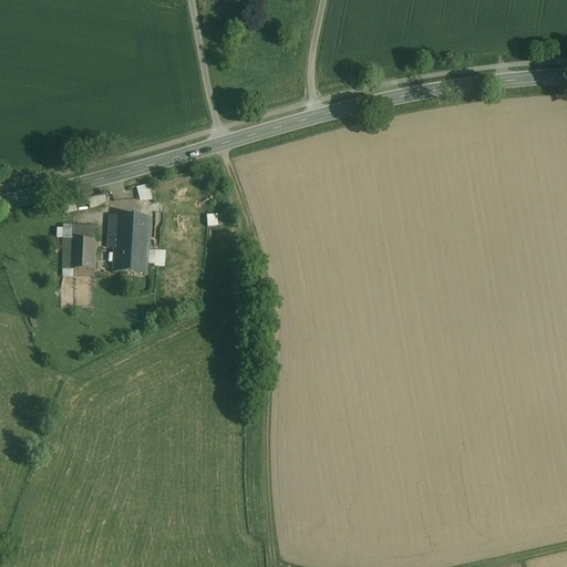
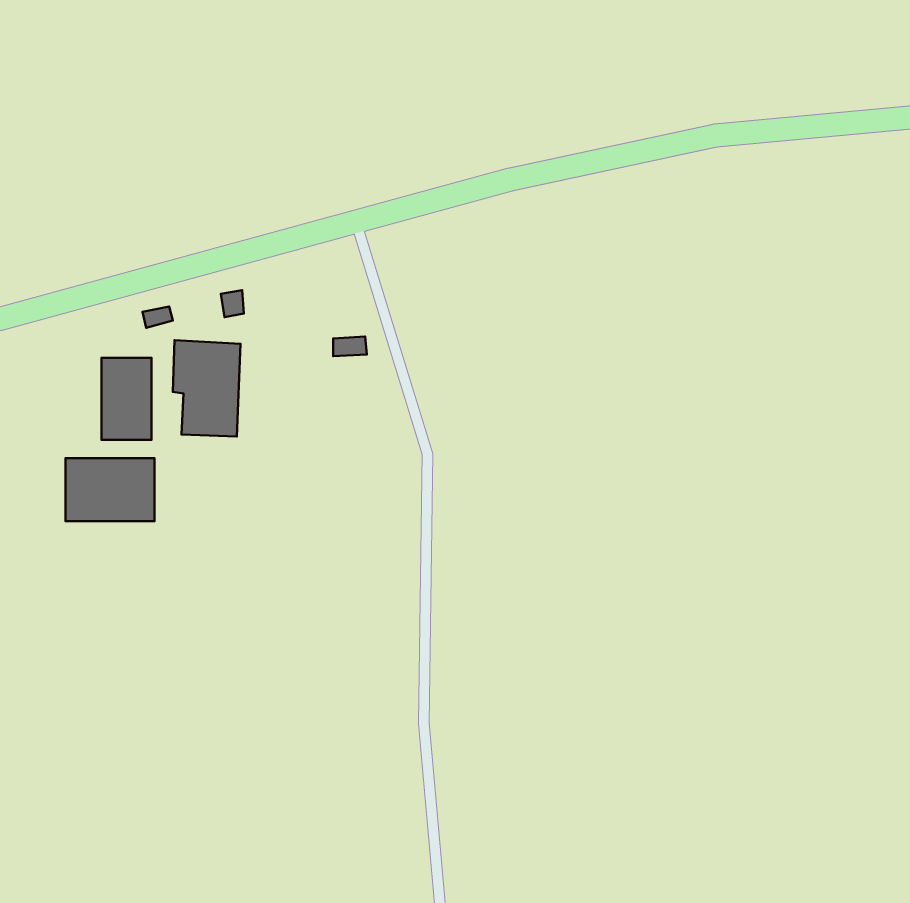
building: none -> [65,458,154,521]

